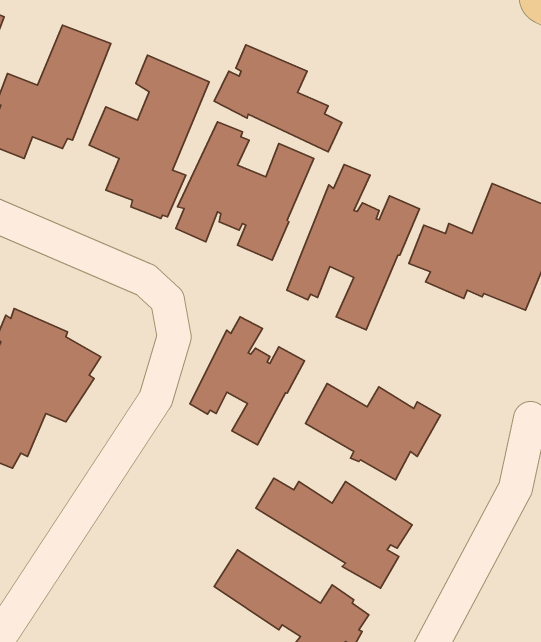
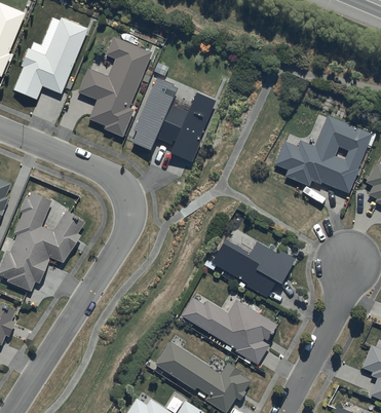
building: [214,45,342,152] -> none
building: [287,165,420,330] -> none
building: [190,317,305,445] -> none

